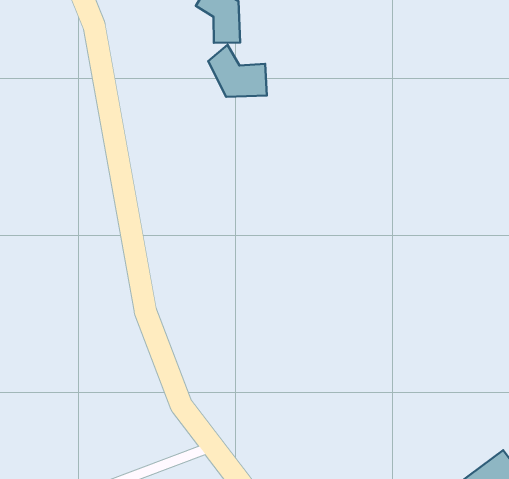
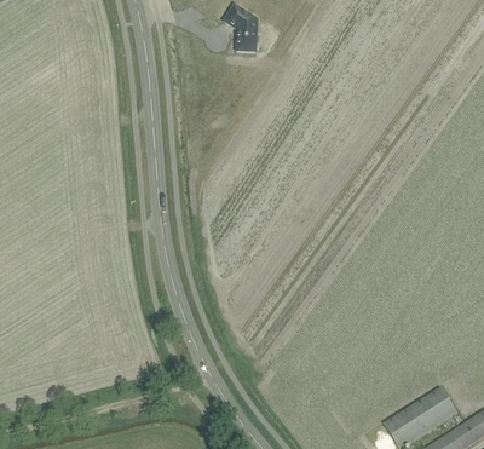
building: [208,45,267,97] -> none

